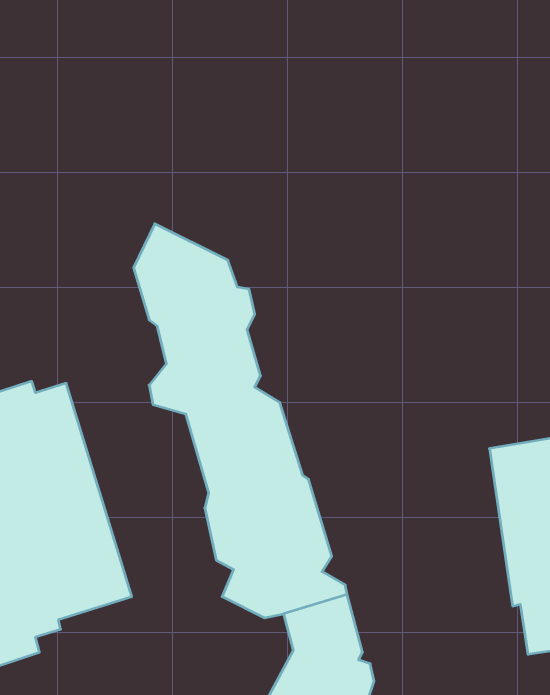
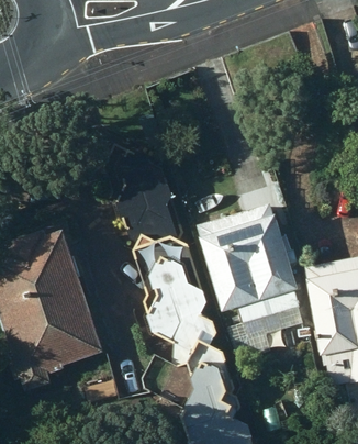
building: none -> [197,204,303,340]

